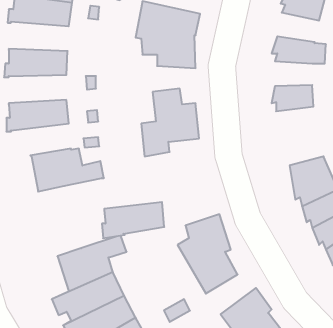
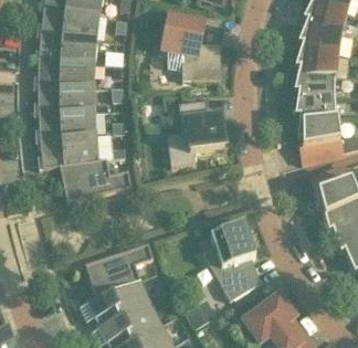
building: none -> [297,27,340,55]
building: none -> [34,35,96,64]
building: none -> [293,74,334,98]
building: none -> [34,87,94,116]
building: none -> [297,117,348,165]
building: [102,202,164,238] -> [38,135,98,170]

